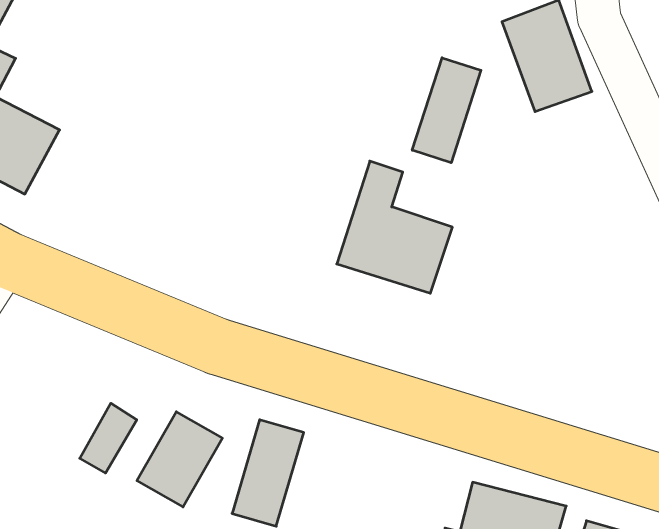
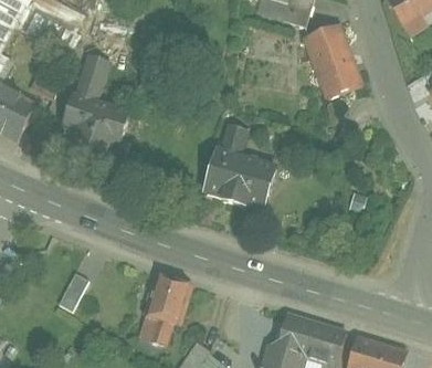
building: none -> [65,55,127,160]
building: [412,58,481,163] -> none
building: [137,412,222,507] -> none

